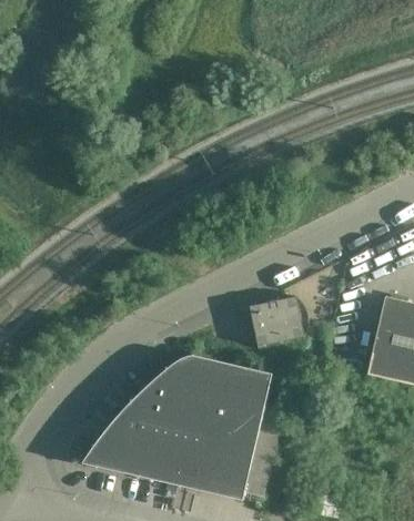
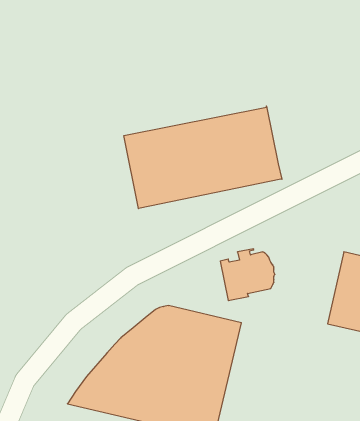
building: none -> [124,106,282,209]

